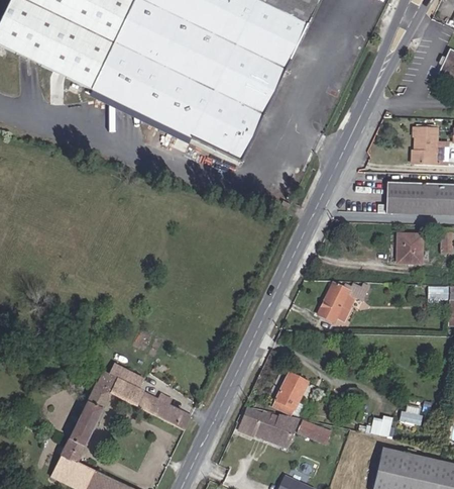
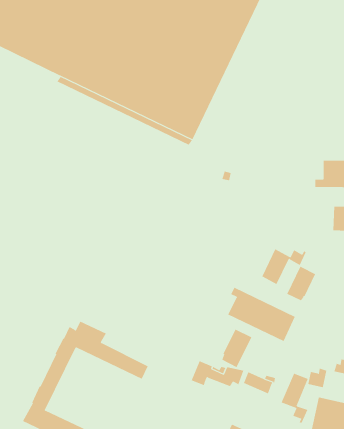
building: none -> [286,266,316,301]
building: none -> [228,287,295,342]
building: none -> [281,373,309,424]
building: [254,425,293,448] -> none

